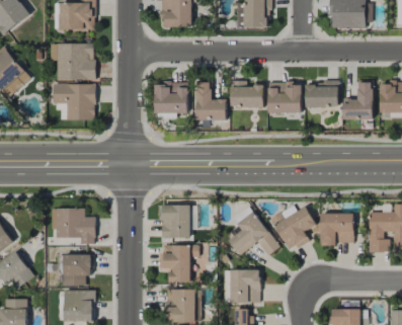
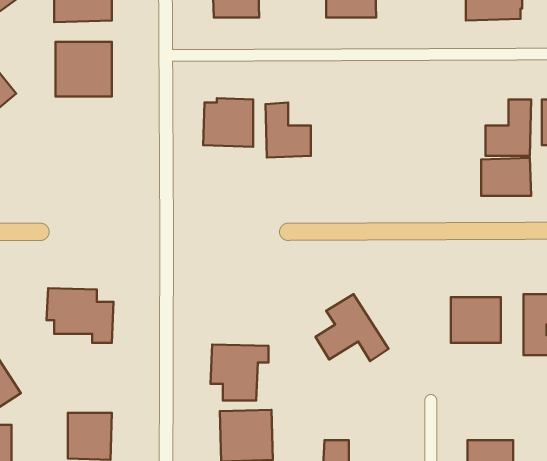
building: [231,81,264,107] -> none
building: [268,82,302,113] -> none
building: [306,82,339,107] -> [481,158,531,196]
building: [53,84,95,120] -> none
building: [161,205,191,238] -> none
building: [271,206,316,251] -> none
building: [64,255,91,286] -> none
building: [231,269,260,303] -> none

